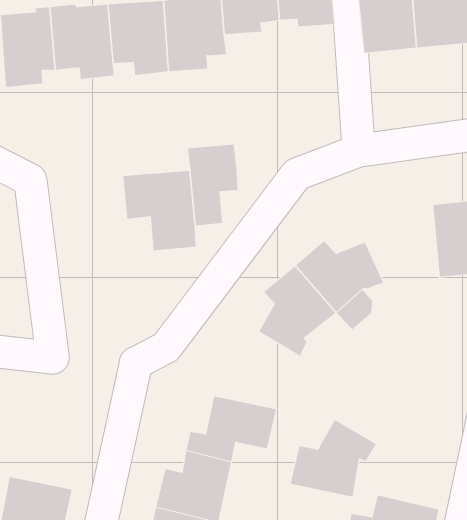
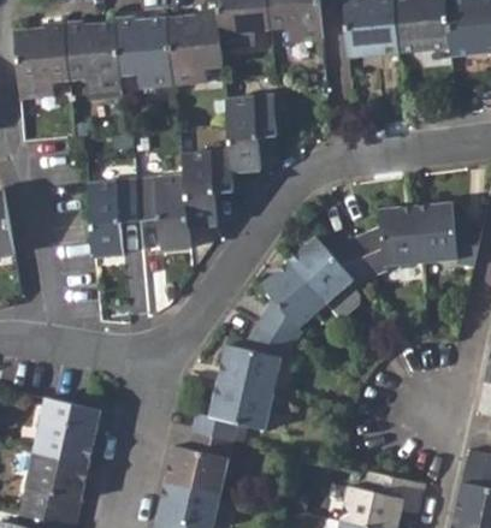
building: none -> [231,94,283,172]
building: none -> [85,178,137,253]
building: none -> [355,204,422,275]
building: [290,419,377,497] -> [217,320,296,391]
building: none -> [30,401,100,464]

